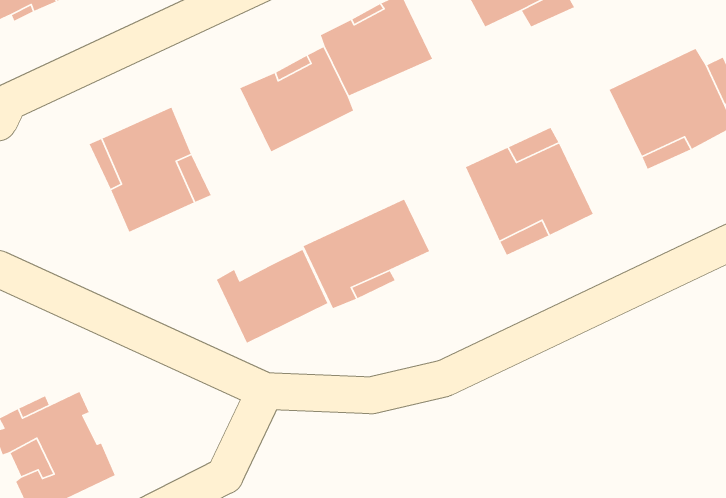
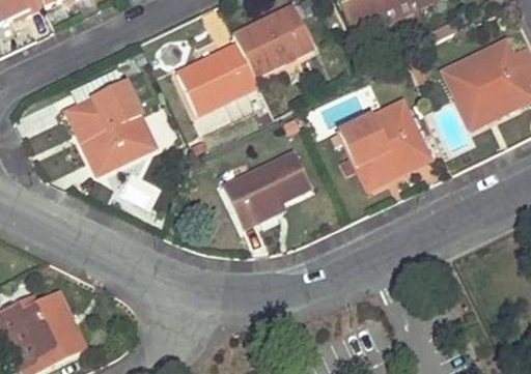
building: [216,249,328,344] -> none

